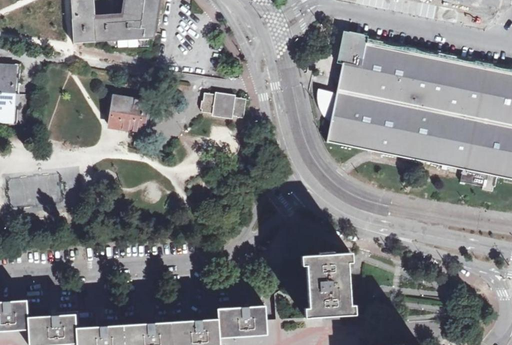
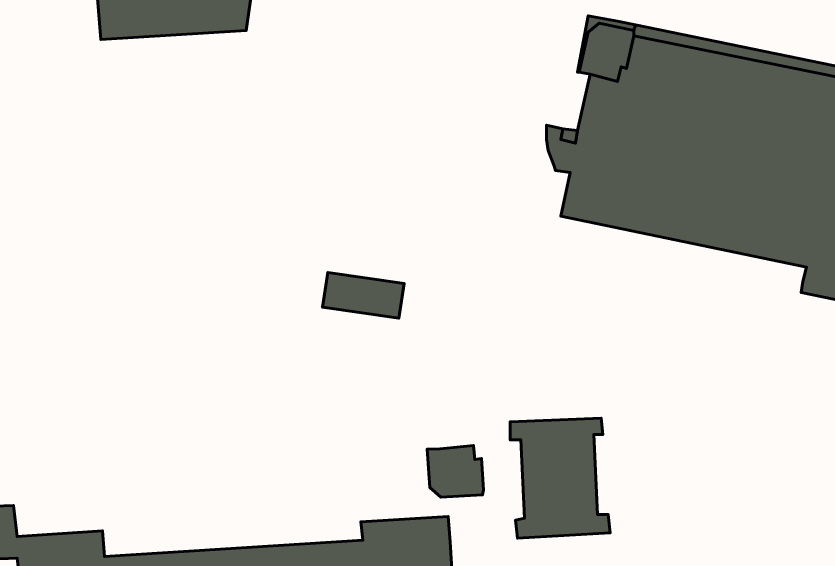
building: [202,93,247,118] -> [322,273,404,318]
building: [110,97,154,132] -> none
building: none -> [427,446,484,497]

